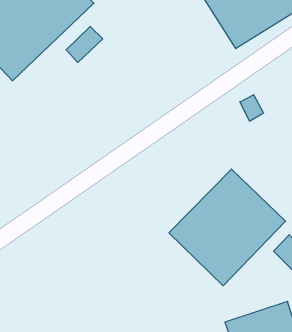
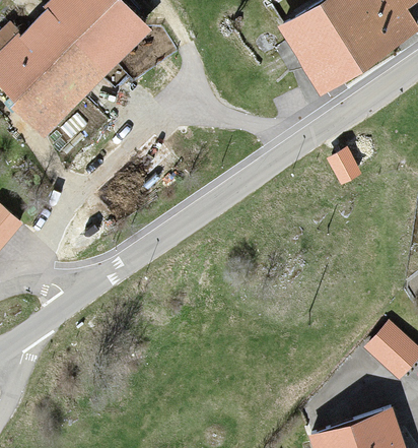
building: [66,26,103,62] -> none
building: [169,169,286,286] -> none

